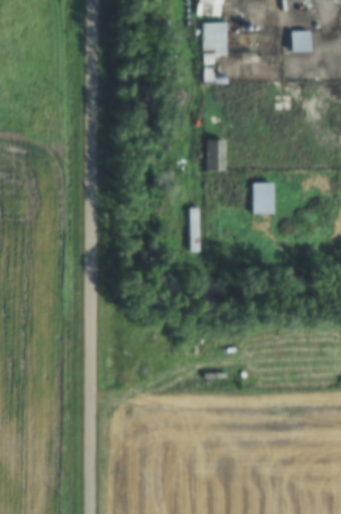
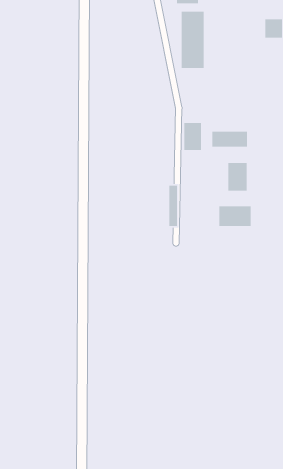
building: none -> [211,131,248,147]
building: none -> [218,205,252,227]

